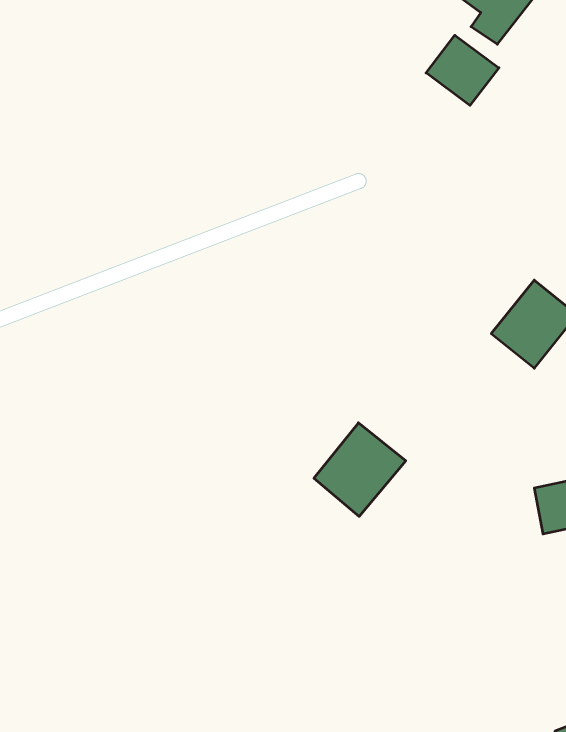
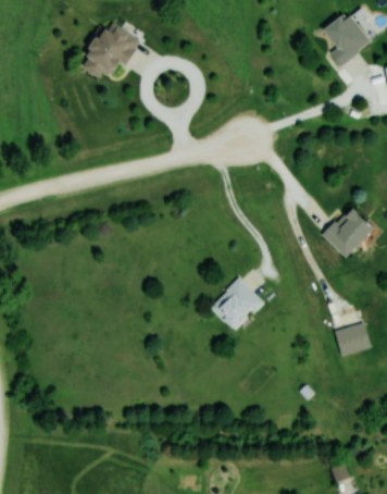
building: none -> [80,23,140,82]
building: [426,35,499,105] -> none

